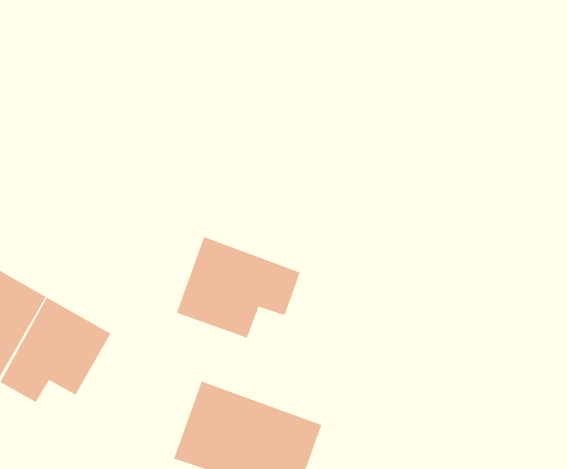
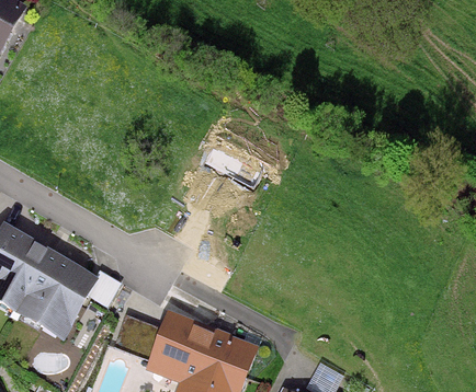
building: [176,236,301,339] -> none

